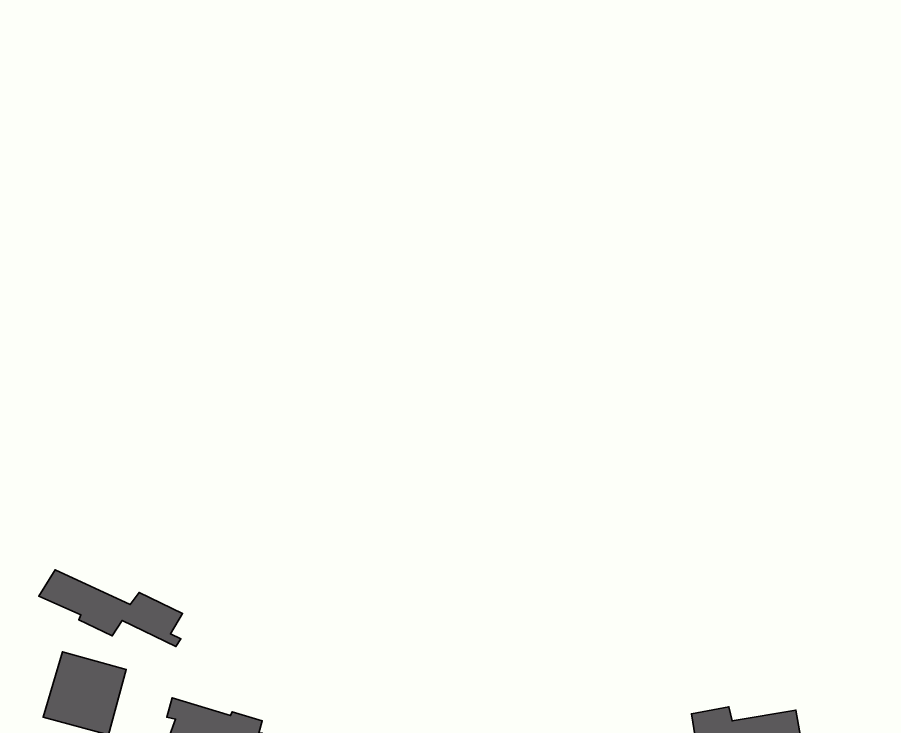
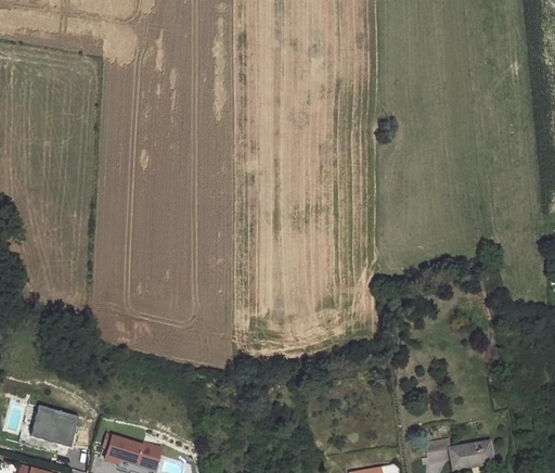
building: [39,570,182,647] -> none

